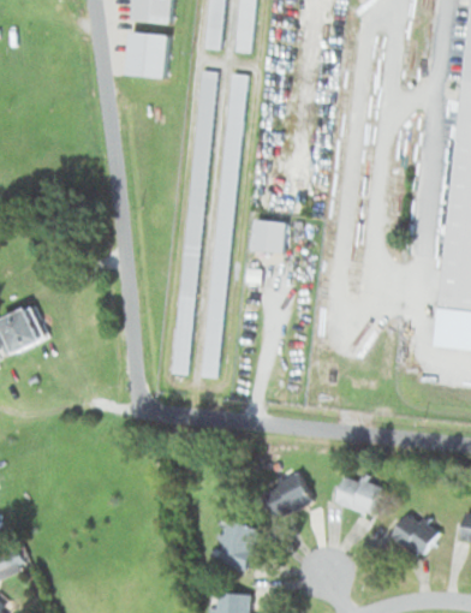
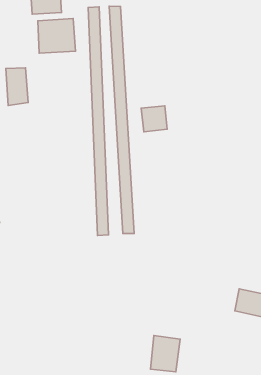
building: none -> [38,18,76,53]
building: none -> [6,68,28,106]
building: [263,474,311,518] -> none

